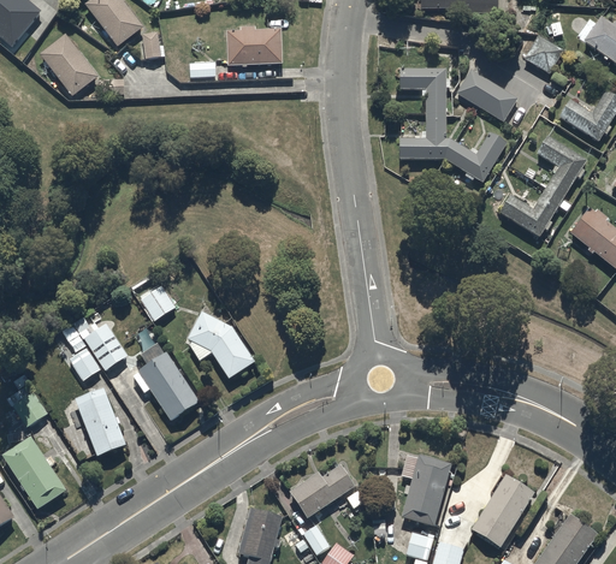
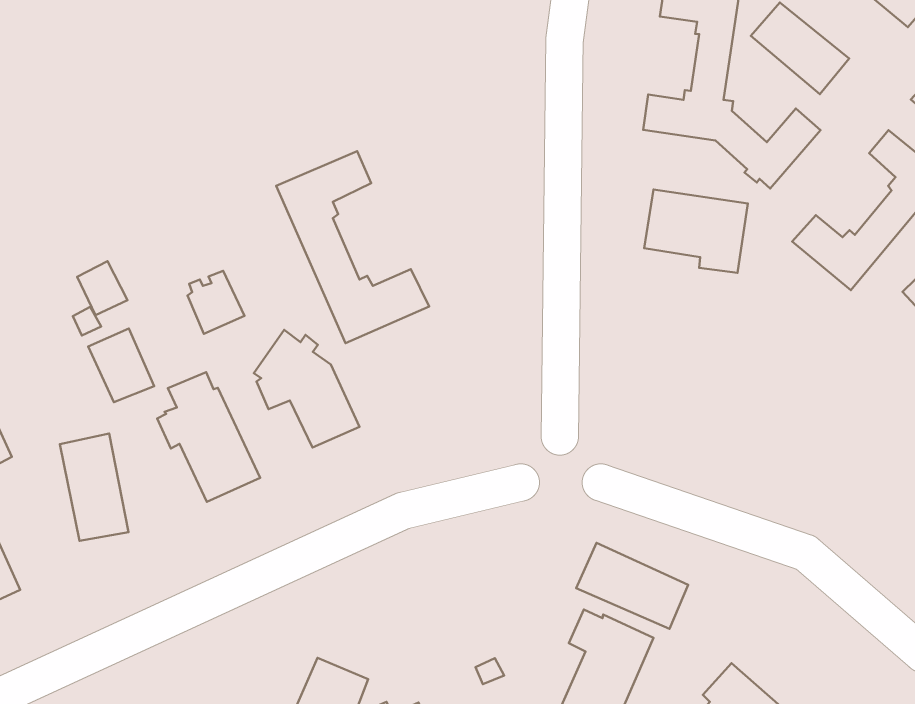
building: none -> [644,190,748,273]
building: none -> [276,151,429,343]
building: [69,346,101,380] -> [77,261,128,315]
building: none -> [576,543,688,629]
building: [289,464,355,518] -> none

